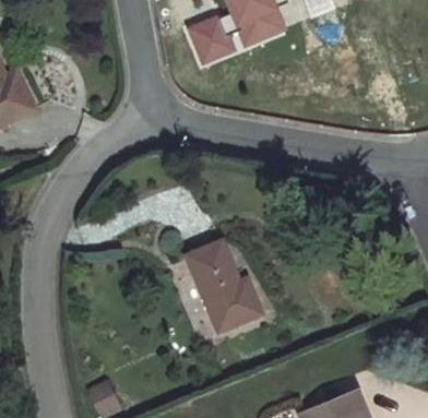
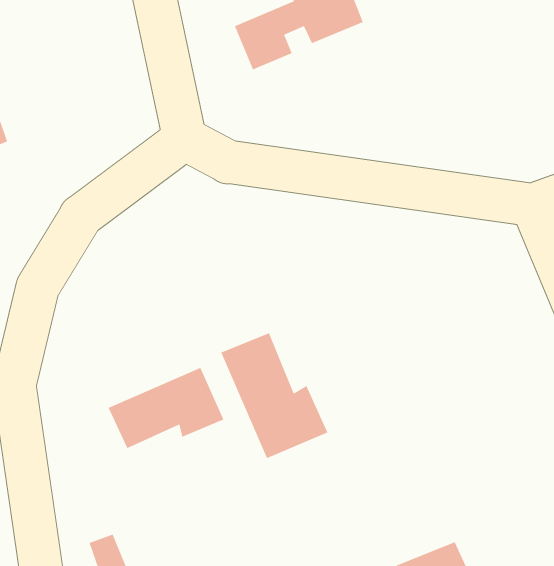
building: none -> [107,367,224,449]

